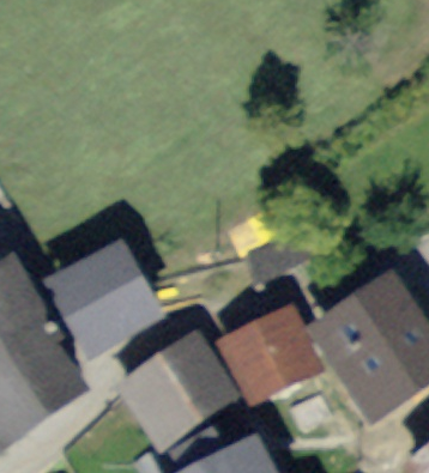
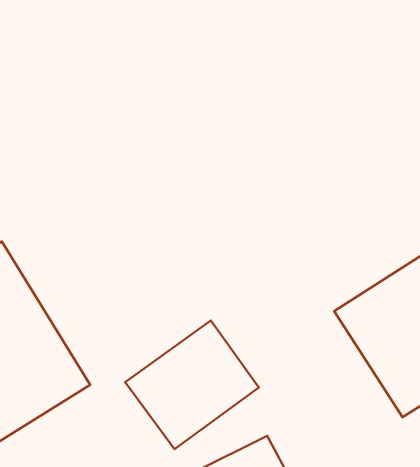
building: [54,242,159,350] -> none
building: [220,309,320,406] -> none

